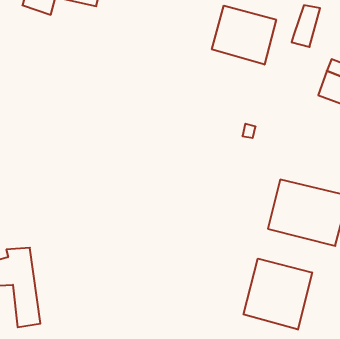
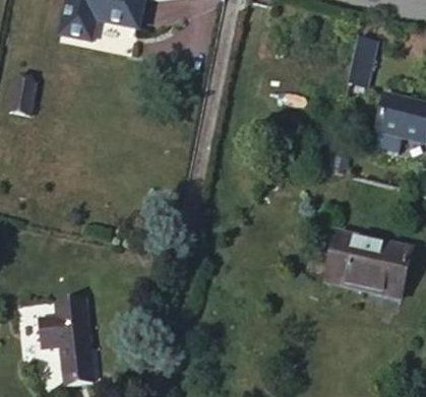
building: [212,6,276,65] -> none
building: [244,259,312,330] -> none

